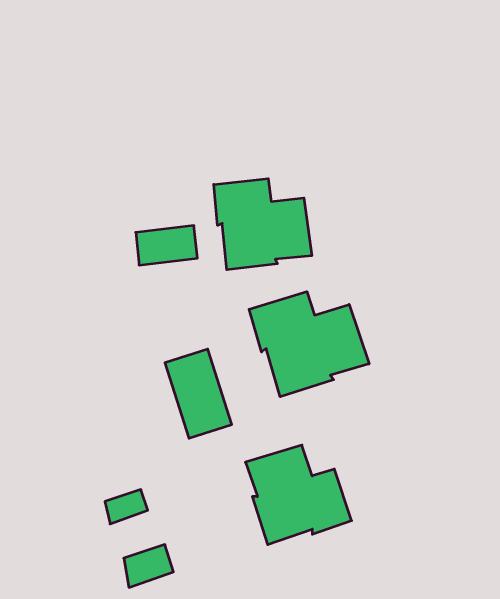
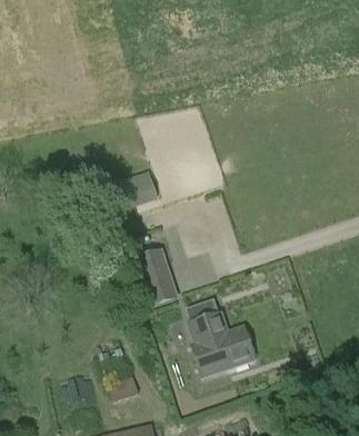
building: [214,179,312,270] -> none
building: [249,292,369,397] -> none

